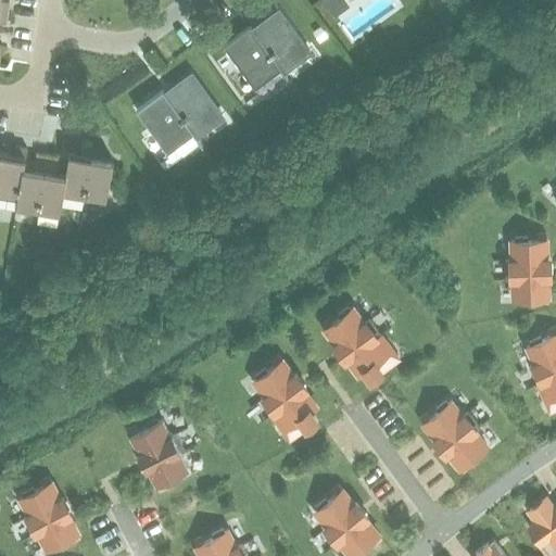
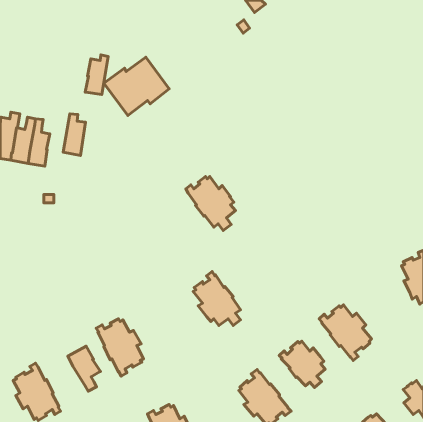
building: [225,14,311,89] -> none
building: [62,150,92,202] -> [85,55,108,95]
building: [504,235,549,306] -> none
building: [321,311,387,381] -> [186,176,235,230]
building: none -> [279,341,325,387]
building: none -> [68,346,100,391]

